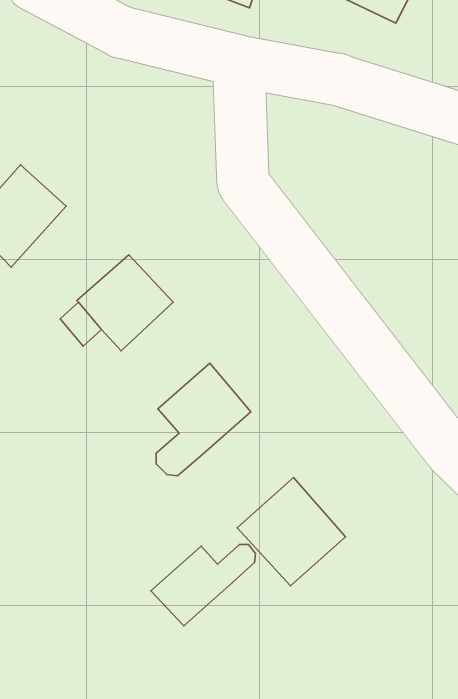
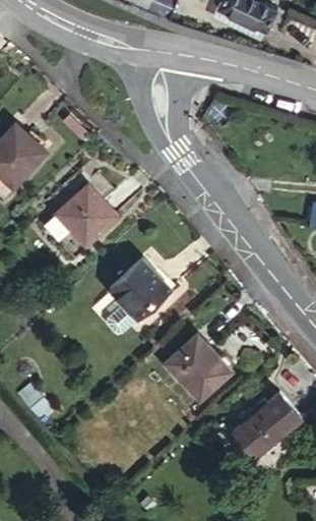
building: [151,544,255,626] -> none
building: none -> [232,392,301,458]

